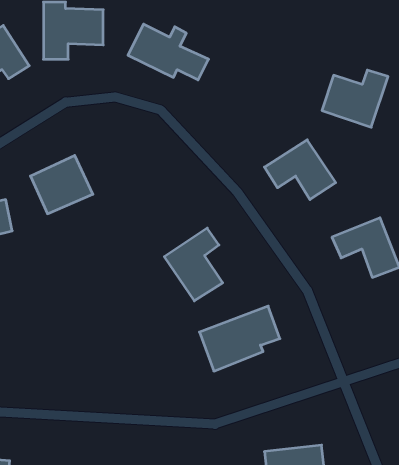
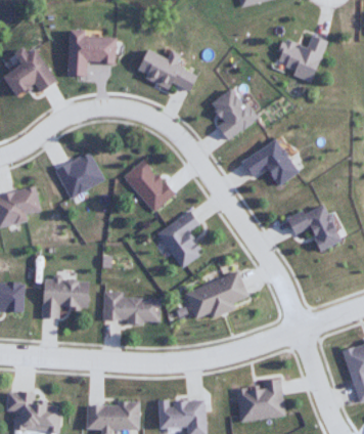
building: [322,70,388,127] -> [273,37,325,82]
building: none -> [208,88,254,142]
building: none -> [123,161,172,213]
building: none -> [45,277,92,317]
building: none -> [105,291,163,322]

